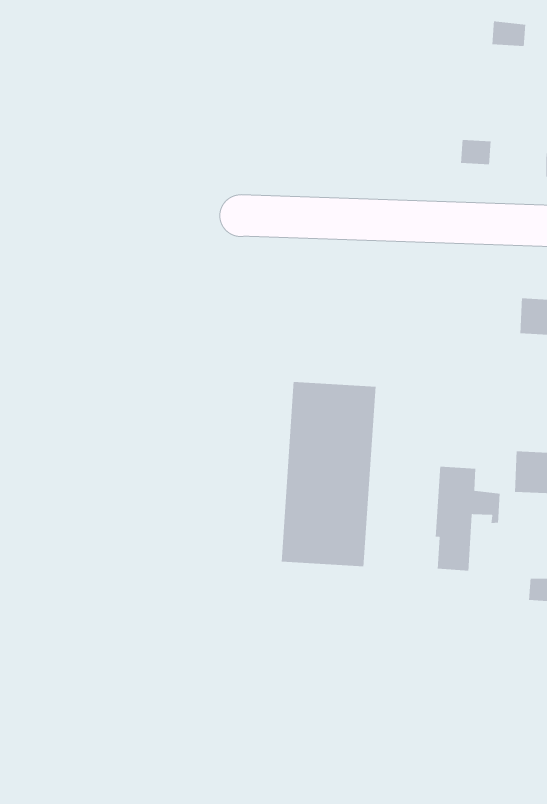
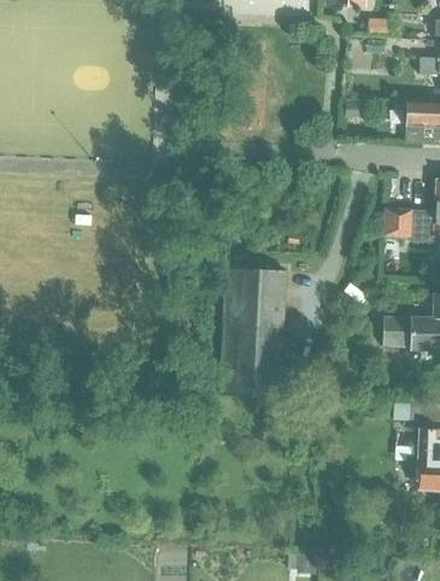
building: [435,466,501,571] -> none

